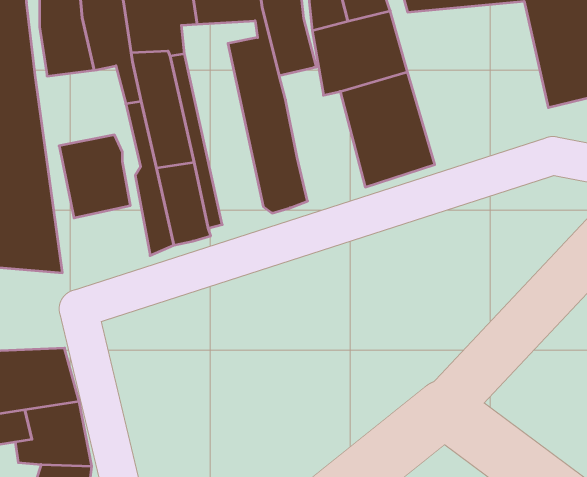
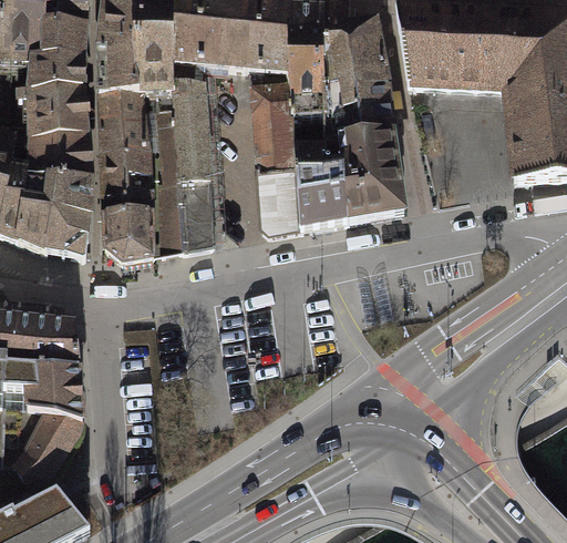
building: none -> [95,90,144,150]
building: none -> [293,140,347,230]
building: none -> [100,208,150,259]

